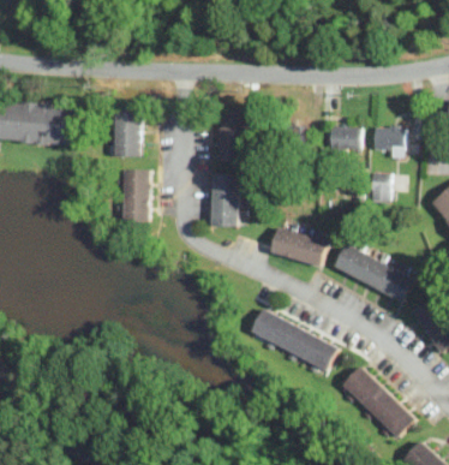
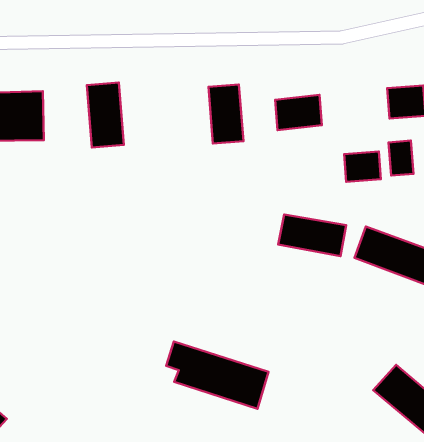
building: [329,125,359,149] -> [344,152,381,182]
building: [122,169,149,221] -> none
building: [210,173,240,227] -> none
building: [251,310,339,374] -> [166,341,268,409]

